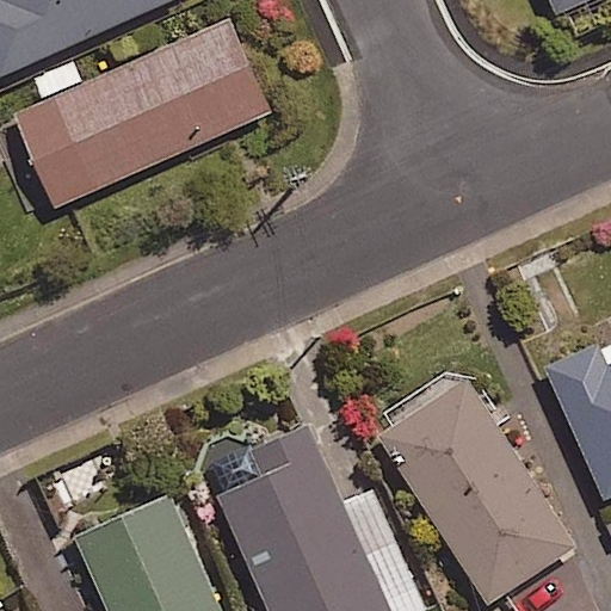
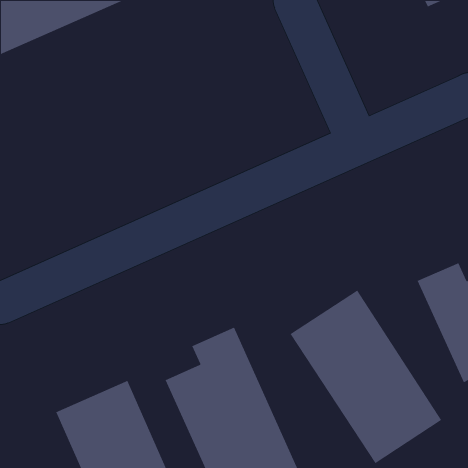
building: [13,19,270,208] -> none

